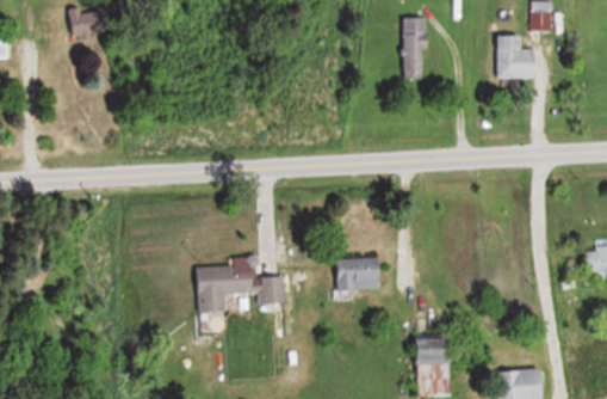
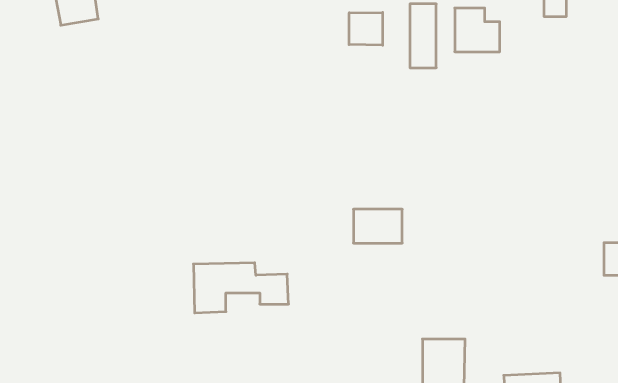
building: none -> [349,12,383,45]
building: [495,36,538,78] -> [455,8,500,52]
building: [337,259,384,291] -> [353,209,402,243]

